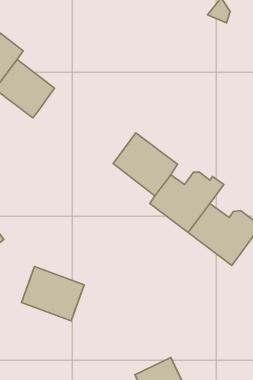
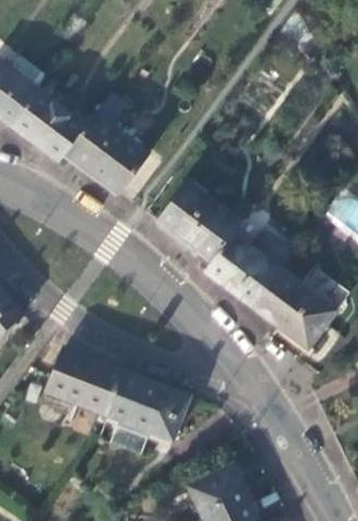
building: none -> [66,93,148,193]
building: none -> [107,374,187,455]

